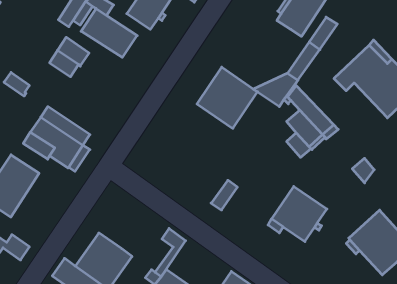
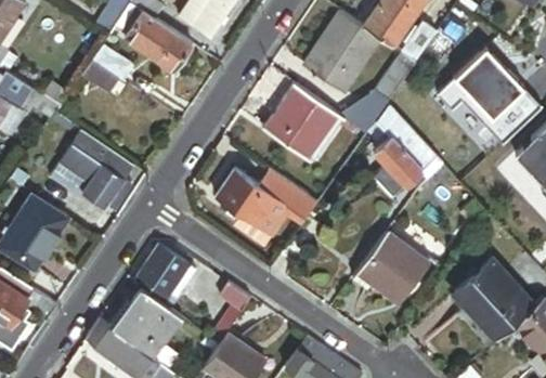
building: none -> [304,11,380,92]
building: none -> [216,167,317,235]
building: none -> [135,245,198,308]

